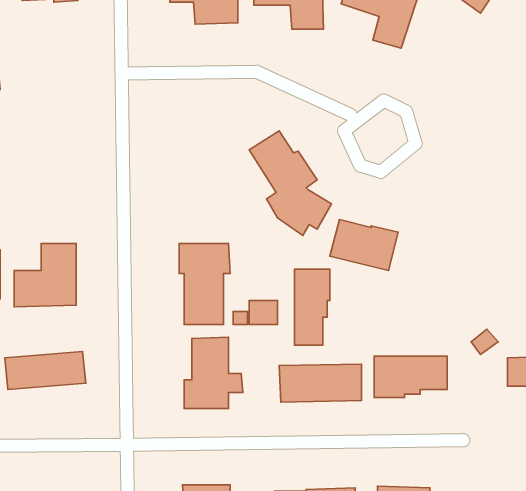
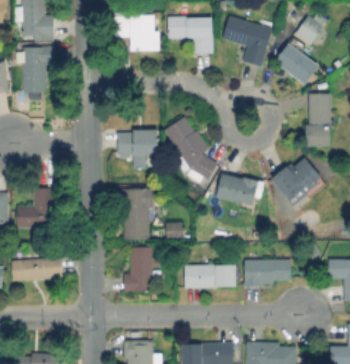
building: none -> [275,43,319,84]
building: none -> [23,45,57,92]
building: none -> [305,93,330,146]
building: none -> [116,130,156,169]
building: none -> [271,157,320,205]
building: [294,269,330,345] -> none

